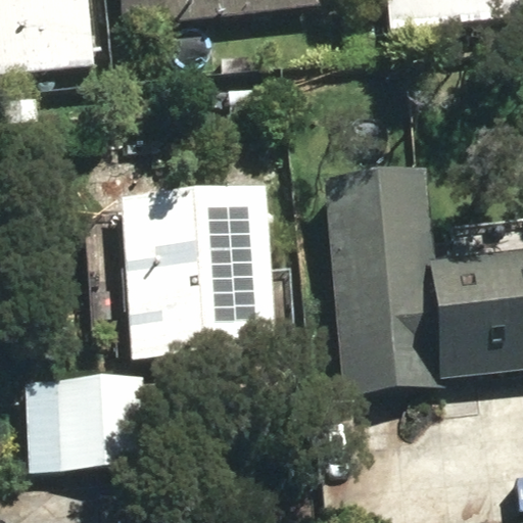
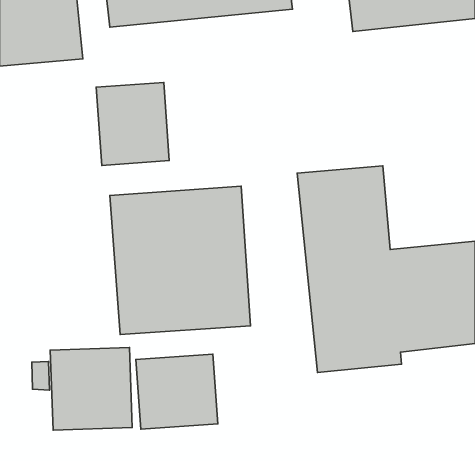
building: none -> [96,82,169,165]
building: none -> [136,354,218,429]

